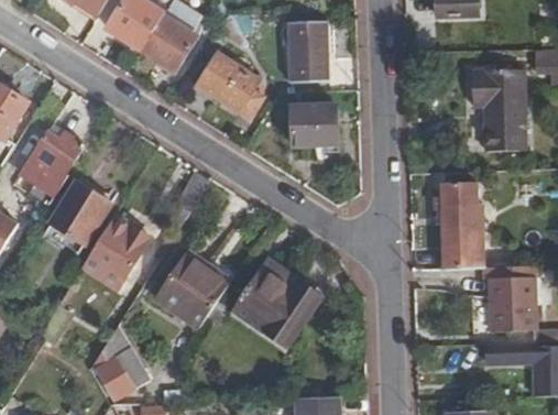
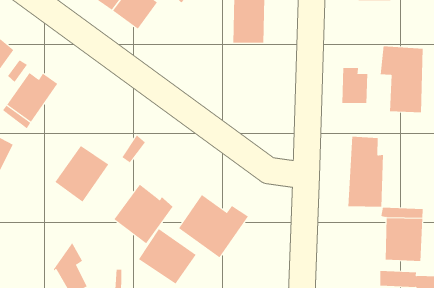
building: [197,55,258,112] -> none
building: none -> [342,67,368,104]
building: [291,106,335,145] -> none
building: [51,182,109,245] -> none
building: none -> [138,228,197,284]

